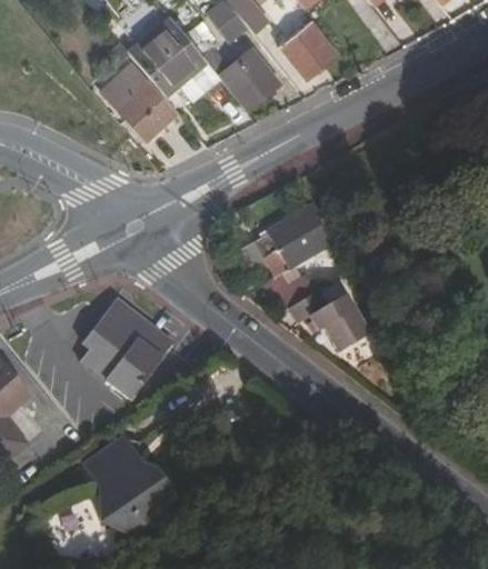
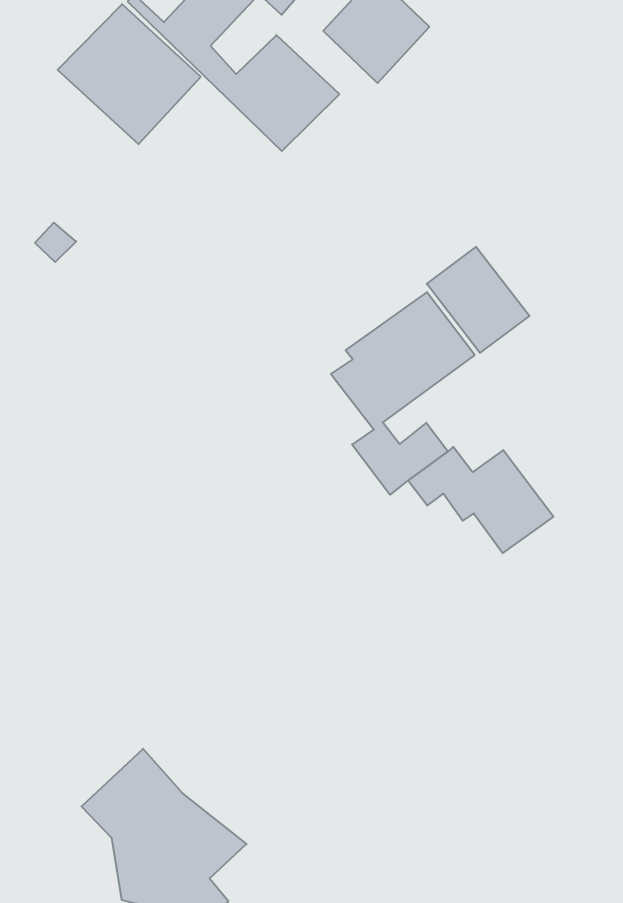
building: [101,63,177,142] -> none
building: none -> [427,247,530,353]
building: [81,297,175,398] -> none

